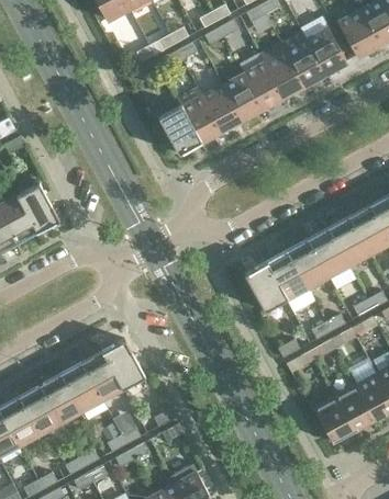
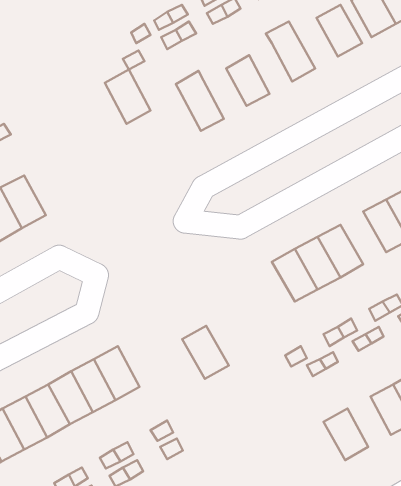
building: [280,32,325,86] -> none
building: [244,63,284,109] -> none
building: [202,86,242,132] -> none
building: [158,105,200,155] -> [105,70,150,124]
building: [327,216,369,264] -> none
building: [243,262,286,310] -> [182,326,229,379]
building: [334,385,374,431] -> none

